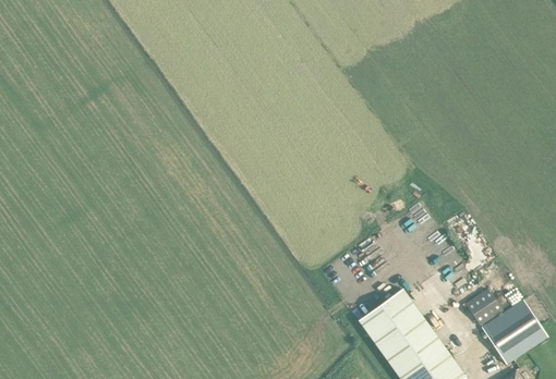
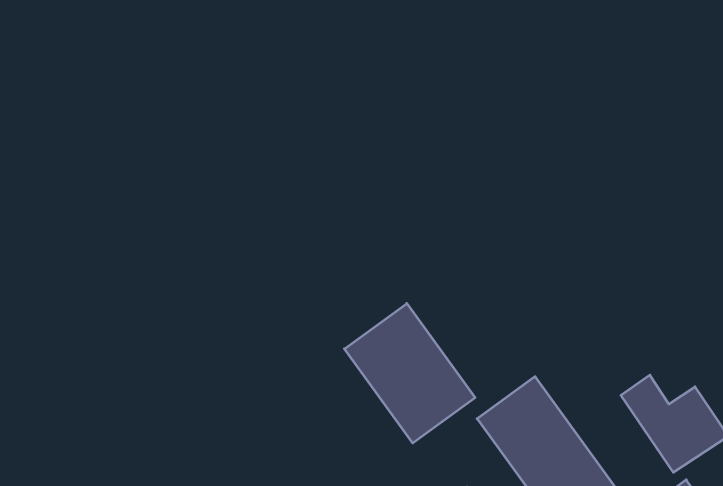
building: none -> [344,303,475,443]

